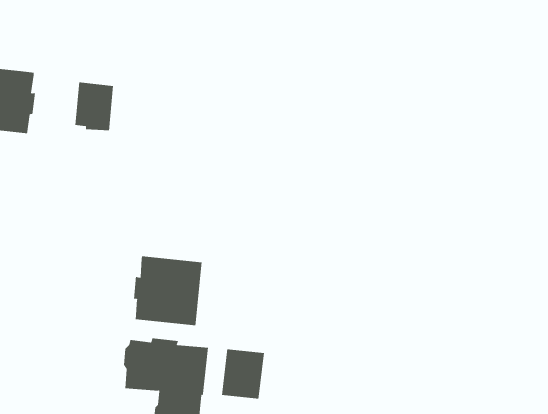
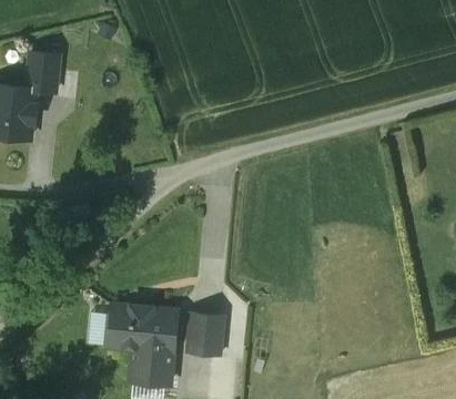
building: [74,82,114,131] -> [27,53,59,93]
building: [133,256,202,326] -> none

